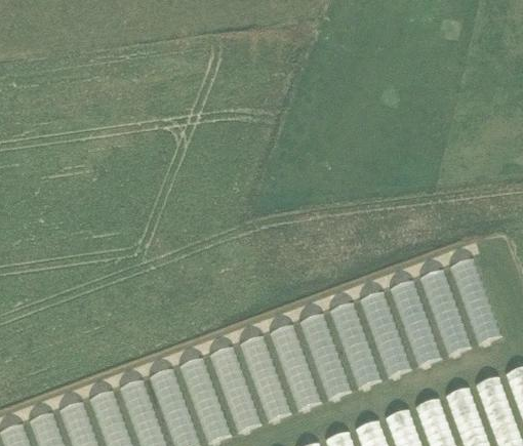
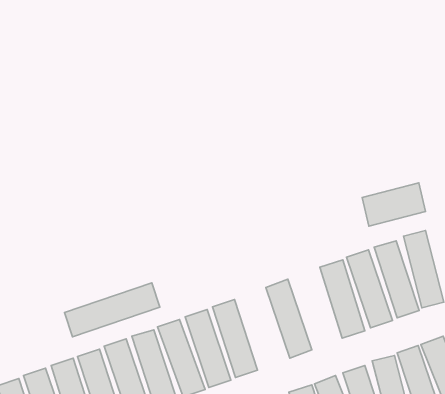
building: none -> [362,183,426,226]
building: [327,302,381,390] -> none
building: none -> [65,283,160,337]
building: [270,324,321,411] -> none

